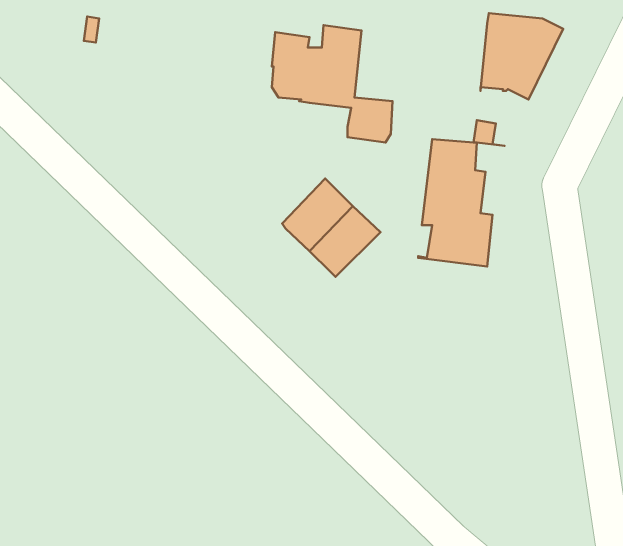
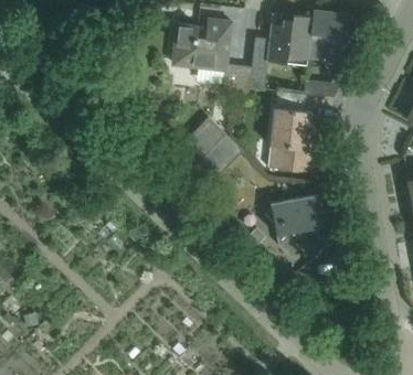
building: none -> [251,14,313,88]
building: none -> [266,194,328,259]

